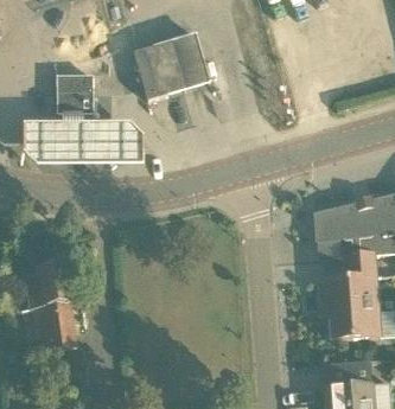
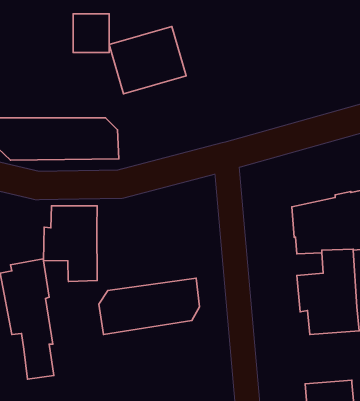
building: [58,75,94,113] -> [73,14,109,52]
building: none -> [43,206,97,282]
building: none -> [99,278,200,334]

